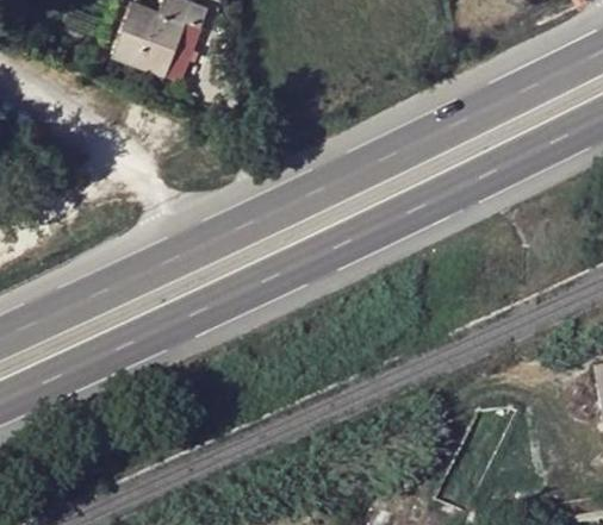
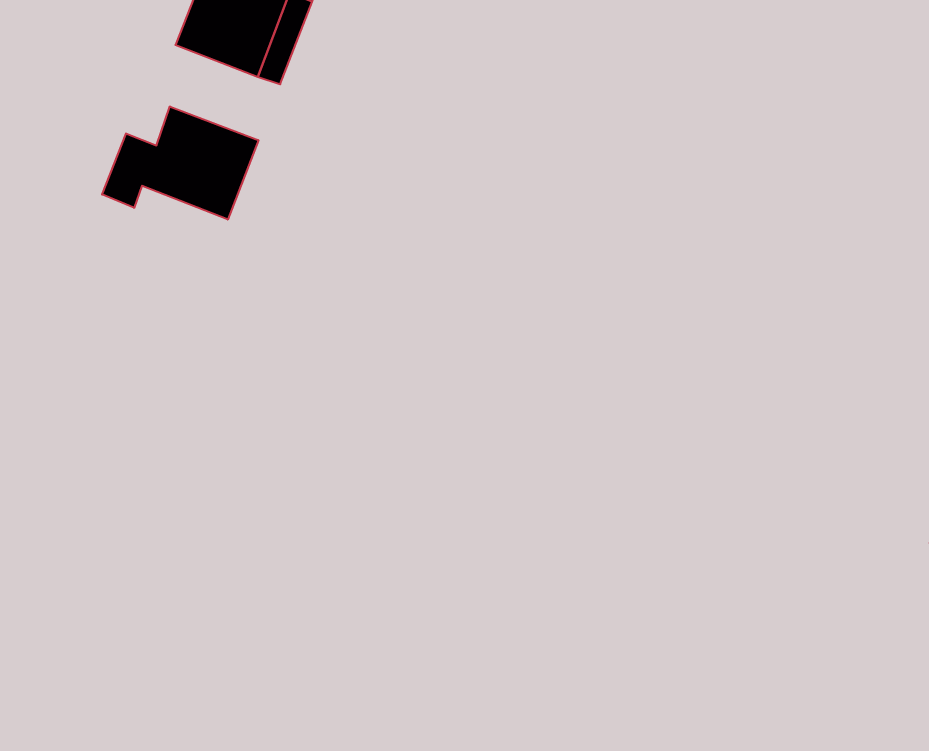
building: none -> [102,106,258,220]

